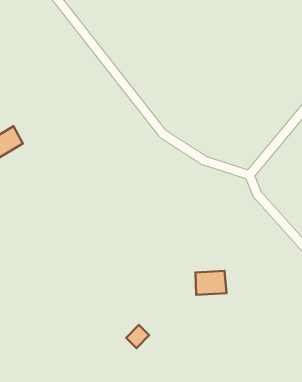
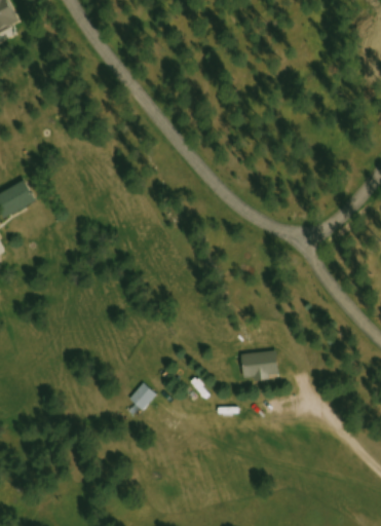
building: [126,325,149,348] -> [128,382,156,410]

